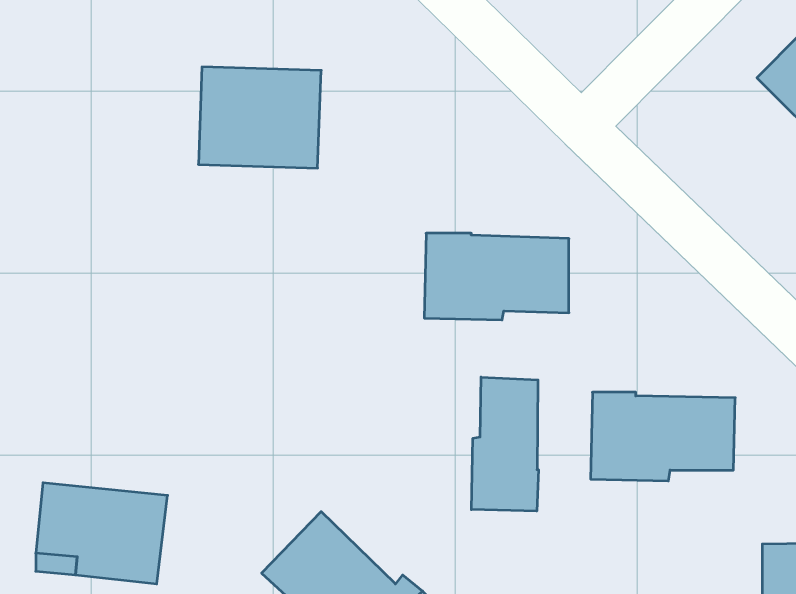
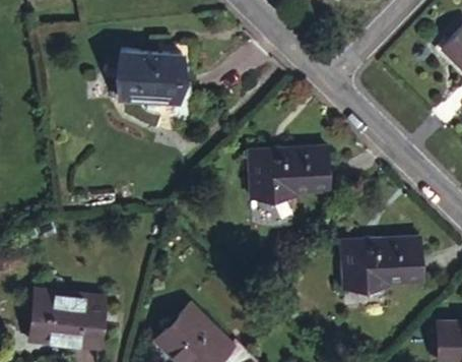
building: [471,377,538,511] -> none

